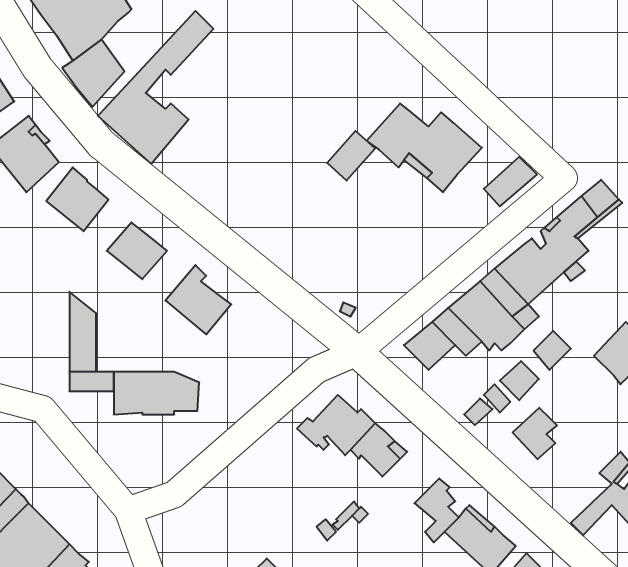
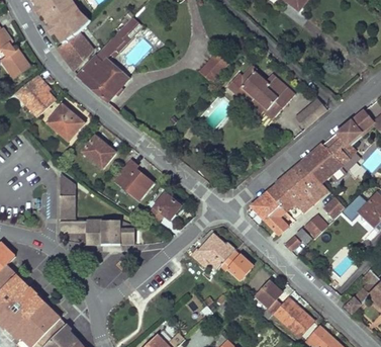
building: [327,131,375,181] -> [200,51,227,79]
building: none -> [149,193,180,221]
building: [513,408,557,459] -> [264,205,289,235]

